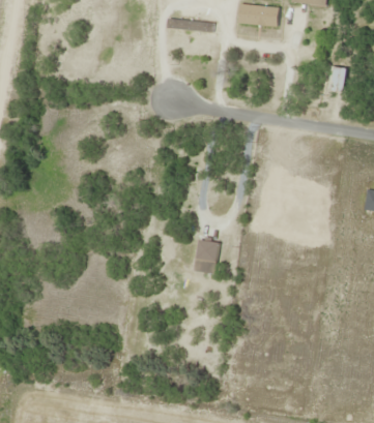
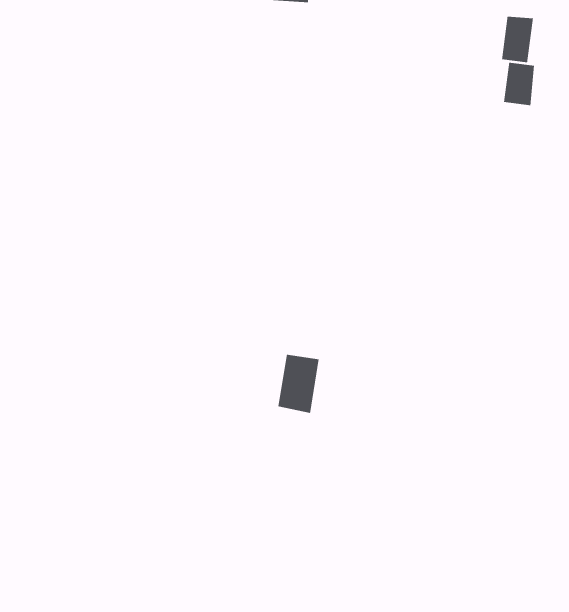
building: none -> [502,16,534,63]

